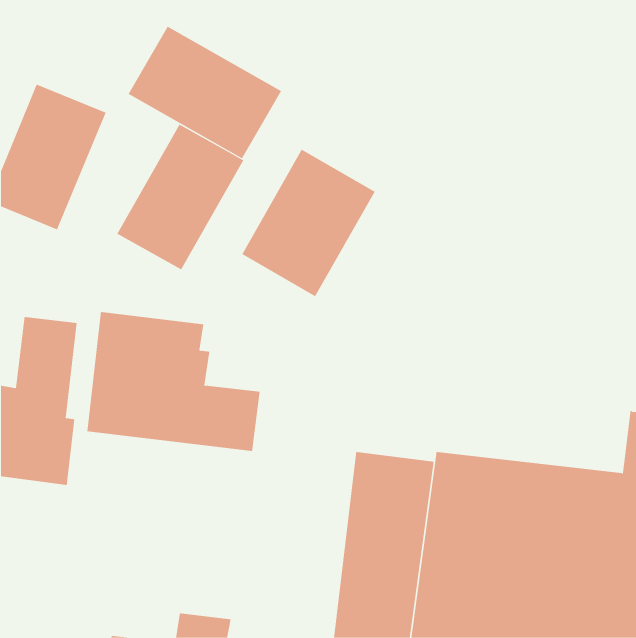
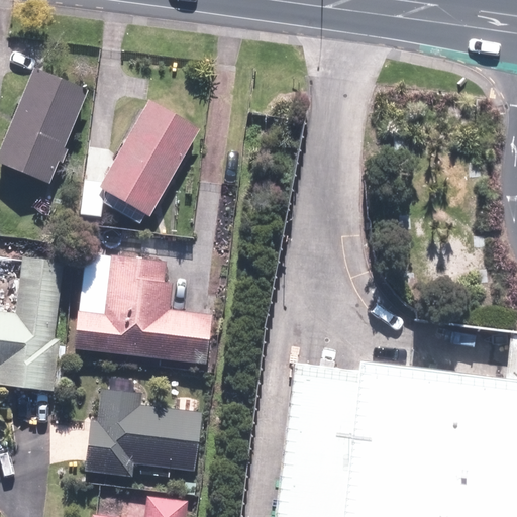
building: [128,26,282,159] -> none
building: [241,149,375,297] -> none
building: none -> [81,387,205,479]

